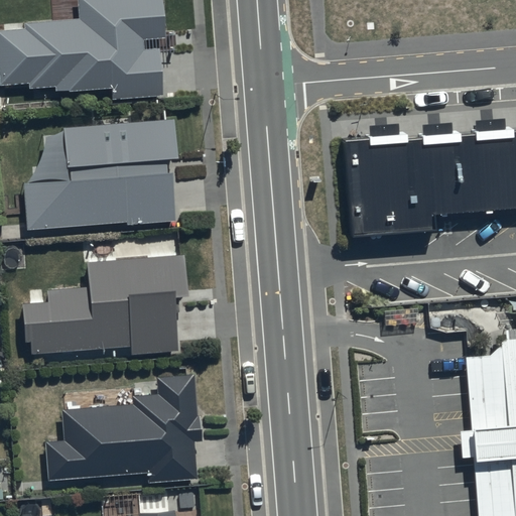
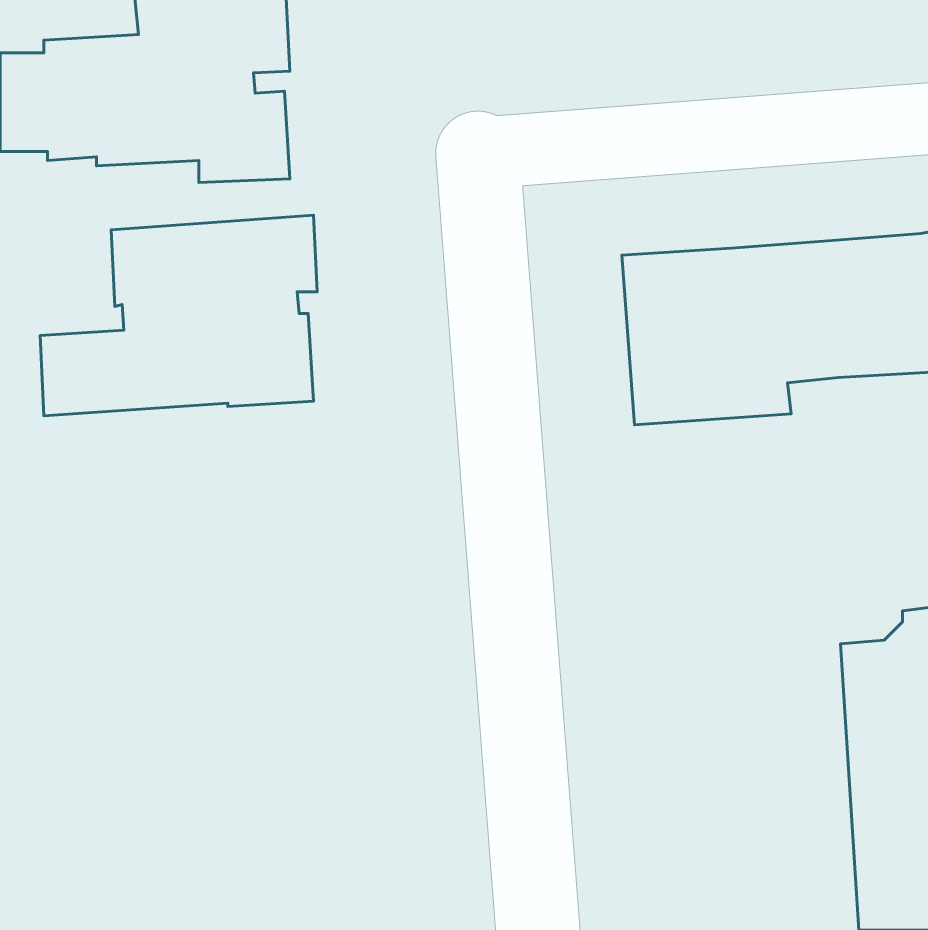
building: [22,230,186,355] -> none
building: [46,377,202,483] -> none

